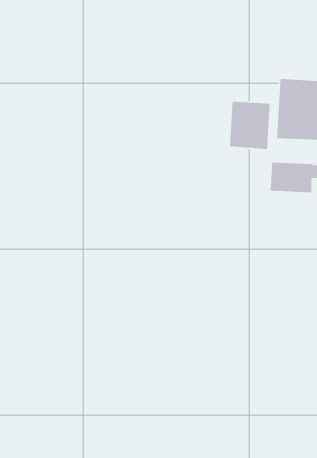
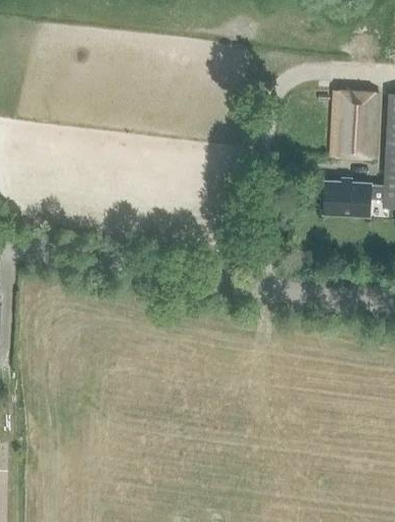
building: [229,101,271,150] -> none

